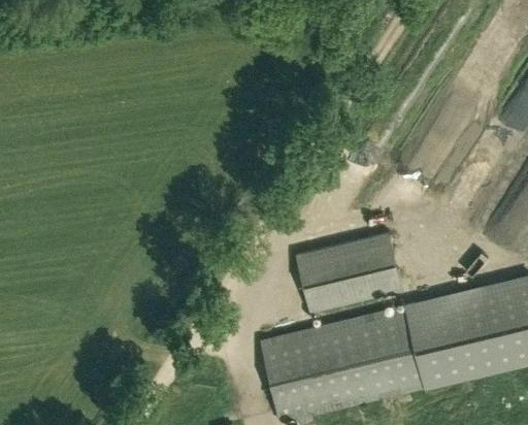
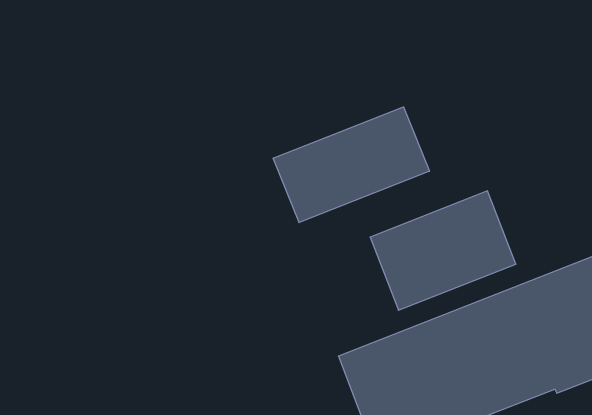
building: none -> [273,107,429,223]

